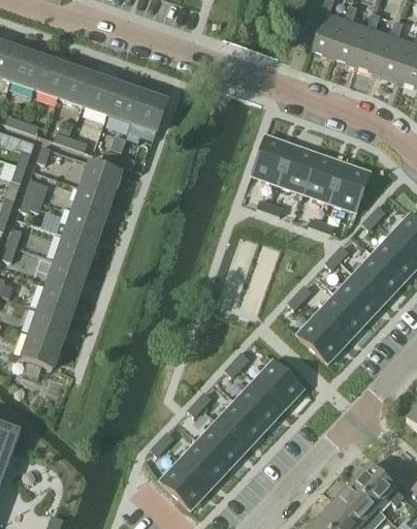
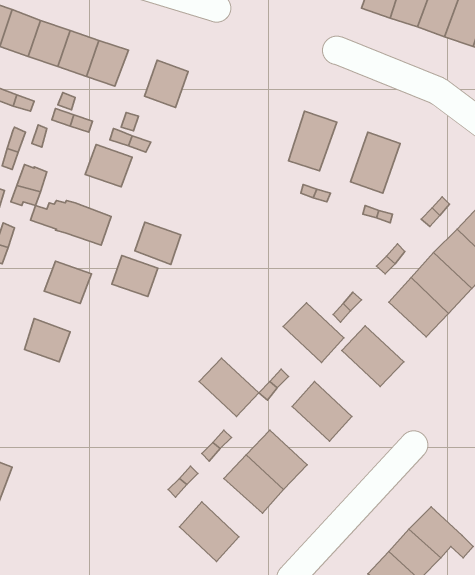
building: [106,84,141,122] -> none
building: [277,144,317,193] -> none
building: [329,161,370,212] -> none
building: [73,187,111,222] -> [135,222,181,264]
building: [57,236,95,270] -> [112,256,158,297]
building: [39,284,77,318] -> none
building: [315,293,365,343] -> [283,303,344,363]
building: [22,333,60,368] -> none
building: [235,380,285,429] -> [199,358,259,416]
building: [179,440,229,489] -> none

